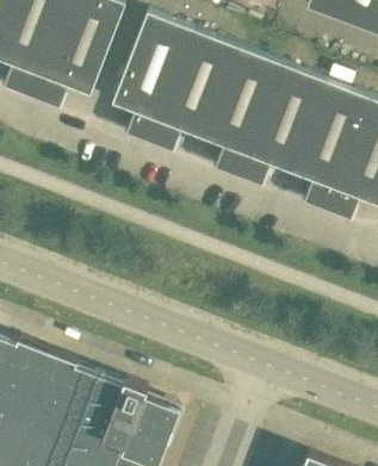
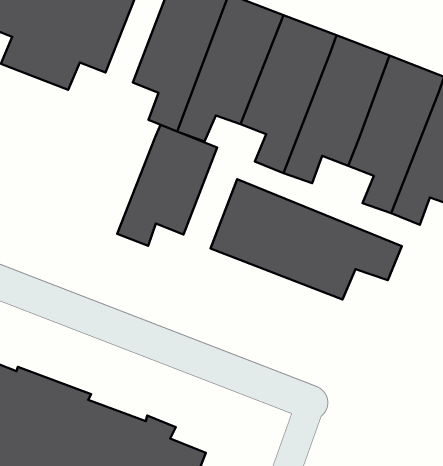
building: none -> [117,125,217,246]
building: none -> [211,179,402,299]

